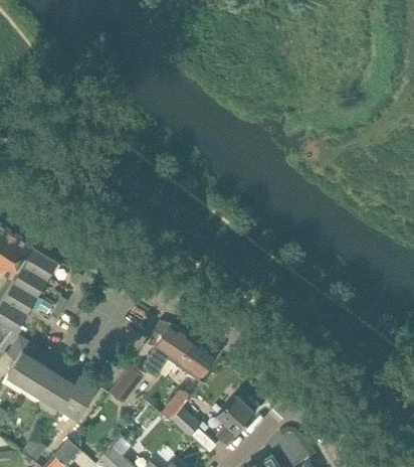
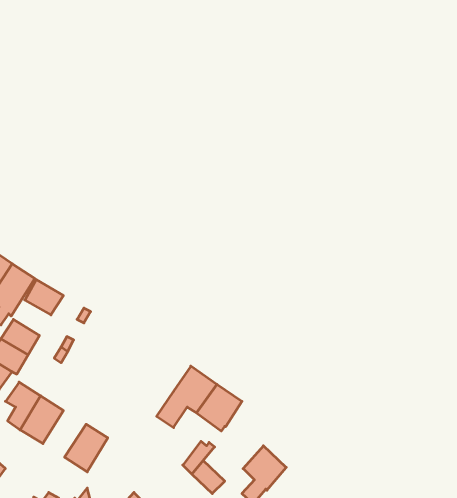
building: [13,266,46,297] -> none
building: [39,363,77,405] -> none
building: [108,365,144,405] -> none

